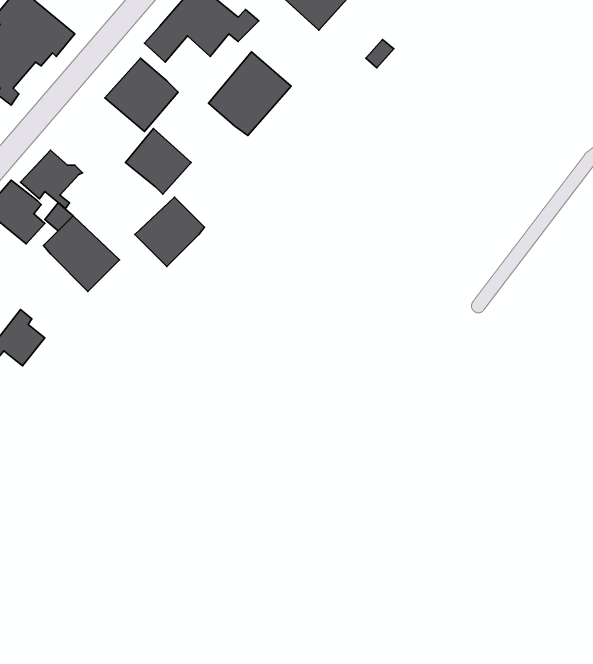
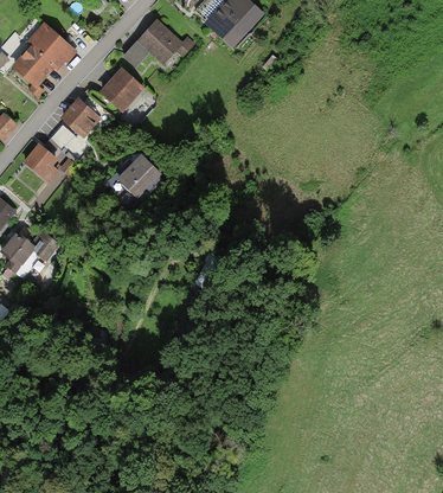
building: [208,52,291,136] -> none
building: [125,129,191,194] -> [59,97,101,139]
building: [44,216,119,291] -> none

